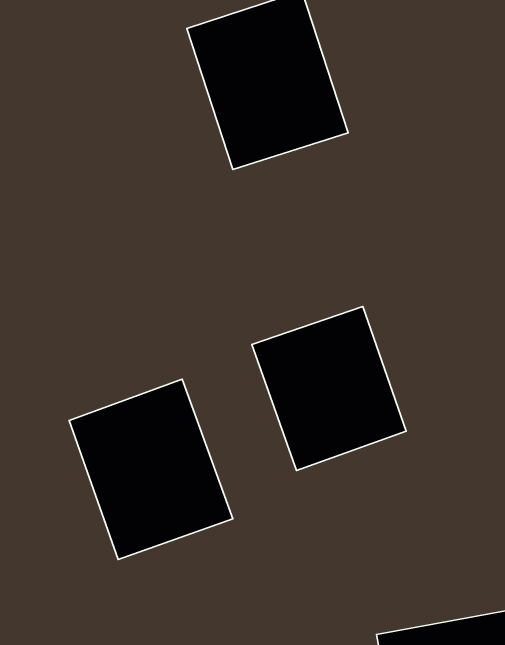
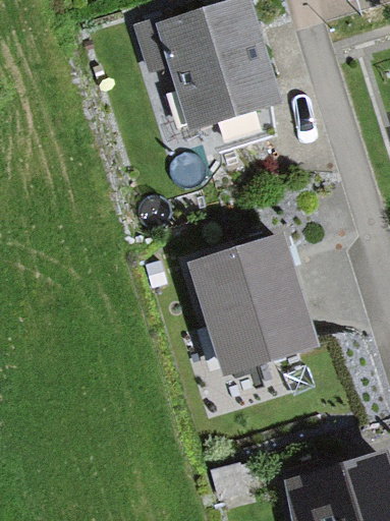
building: [69,379,233,560] -> none

